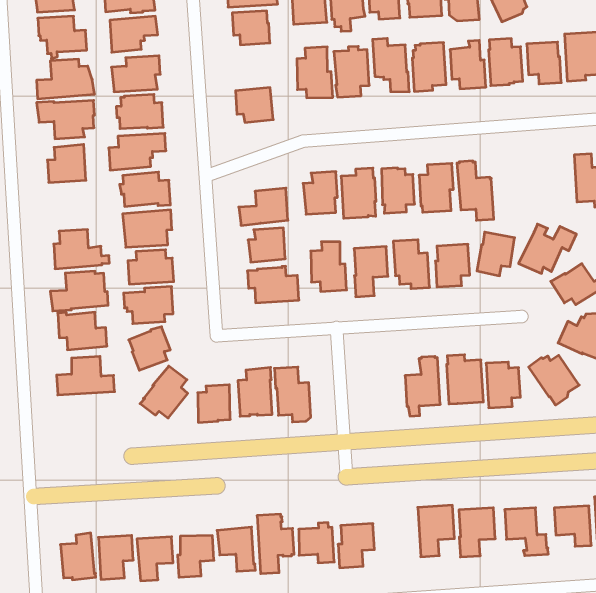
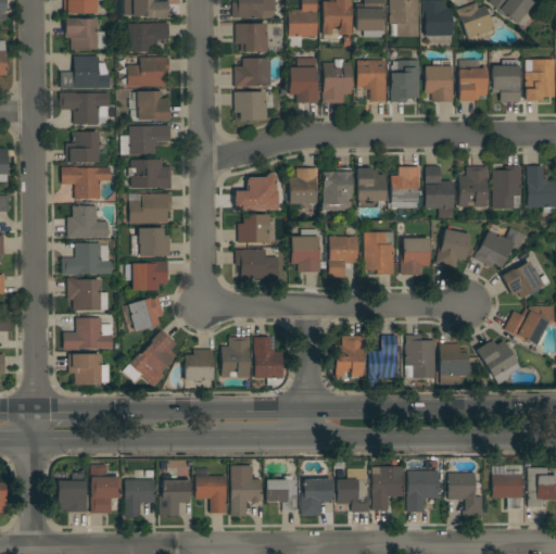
building: none -> [235,58,270,88]
building: none -> [492,166,521,209]
building: none -> [459,167,488,207]
building: none -> [62,167,111,199]
building: none -> [336,337,365,377]
building: none -> [68,354,101,385]
building: none -> [337,469,369,513]

